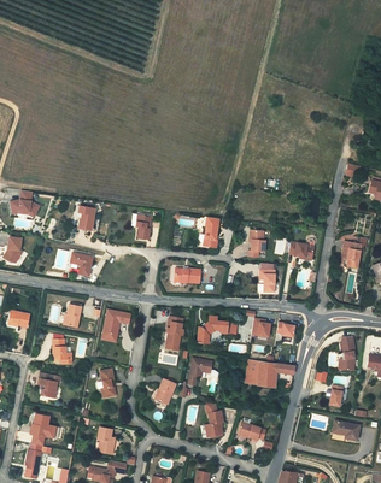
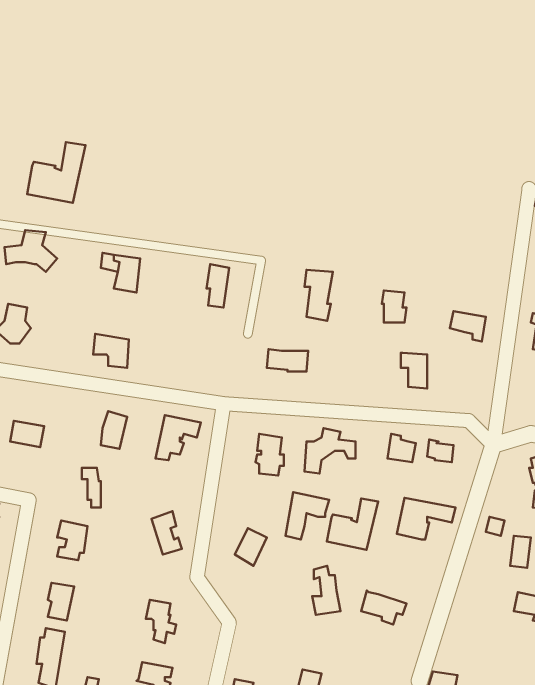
building: none -> [27,142,85,203]
building: none -> [327,498,378,550]

